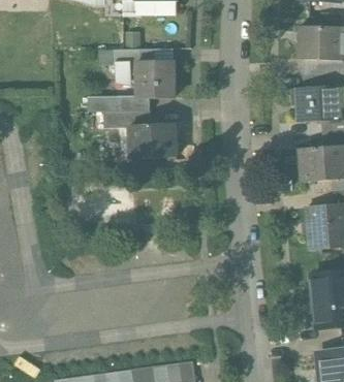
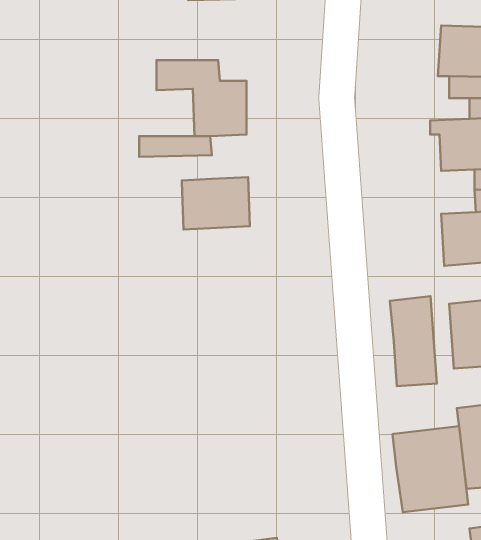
building: [102,110,150,129] -> none
building: none -> [390,296,437,386]
building: none -> [392,426,468,512]

